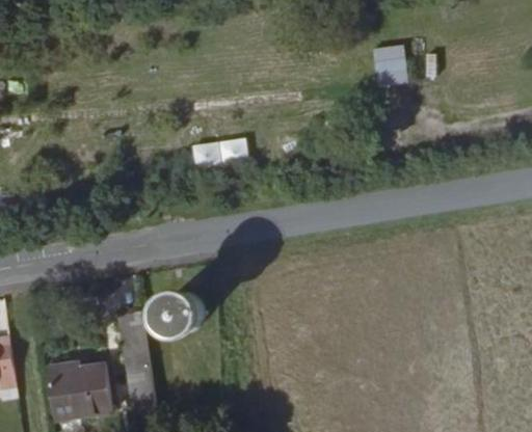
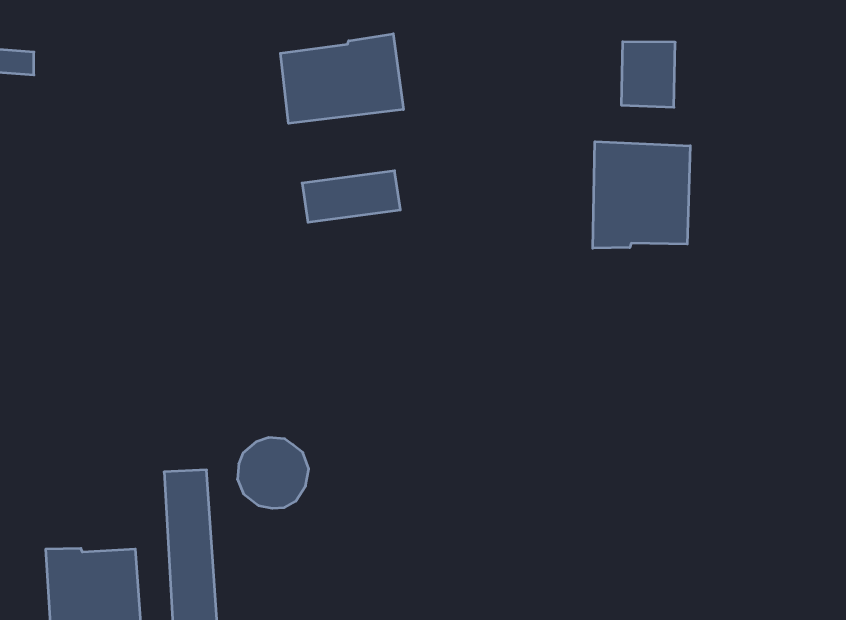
building: none -> [280,34,403,123]
building: none -> [593,142,690,248]

